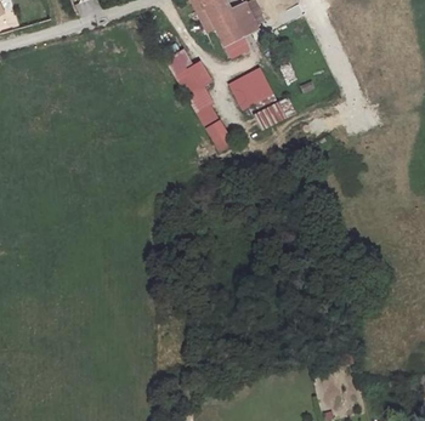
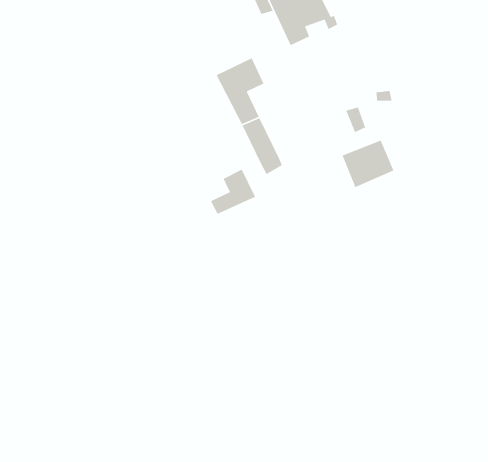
building: [232,70,273,109] -> [342,139,395,188]
building: none -> [210,168,256,215]

